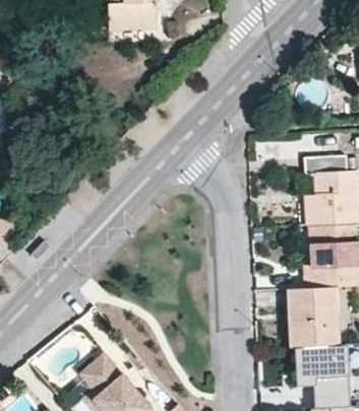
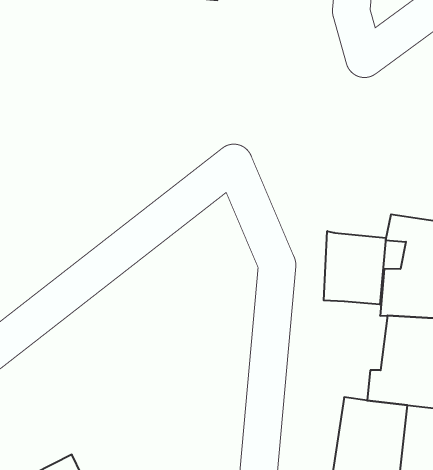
building: none -> [324,231,386,305]

